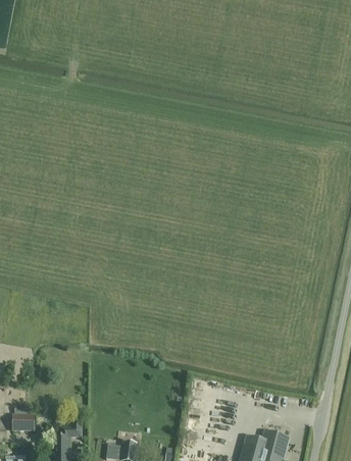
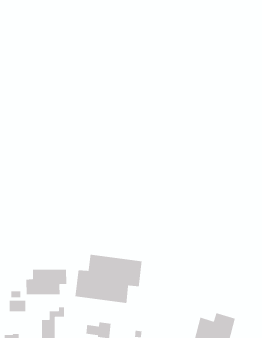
building: none -> [75,254,142,304]
building: none -> [26,269,67,295]

